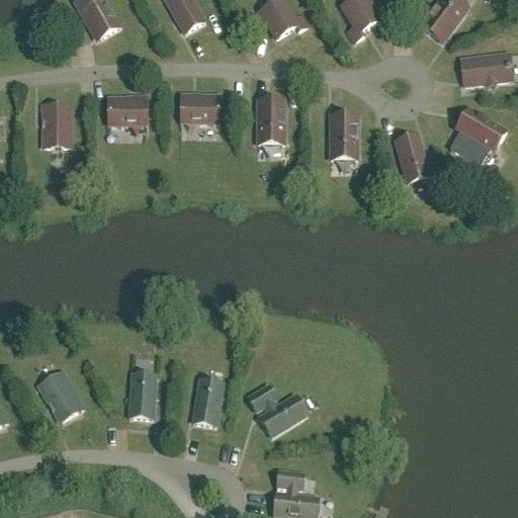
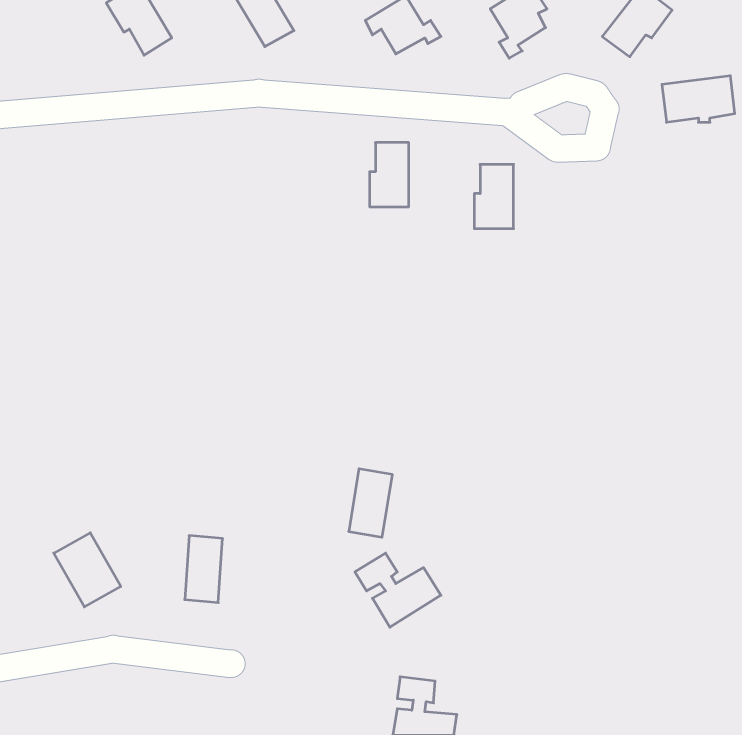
building: [180,95,220,122] -> none
building: [107,98,147,124] -> none
building: [42,104,71,147] -> none
building: [450,107,506,166] -> none
building: [395,134,429,182] -> none
building: [192,378,223,426] -> [349,469,392,537]

